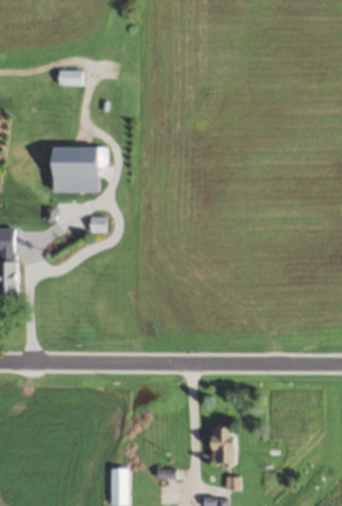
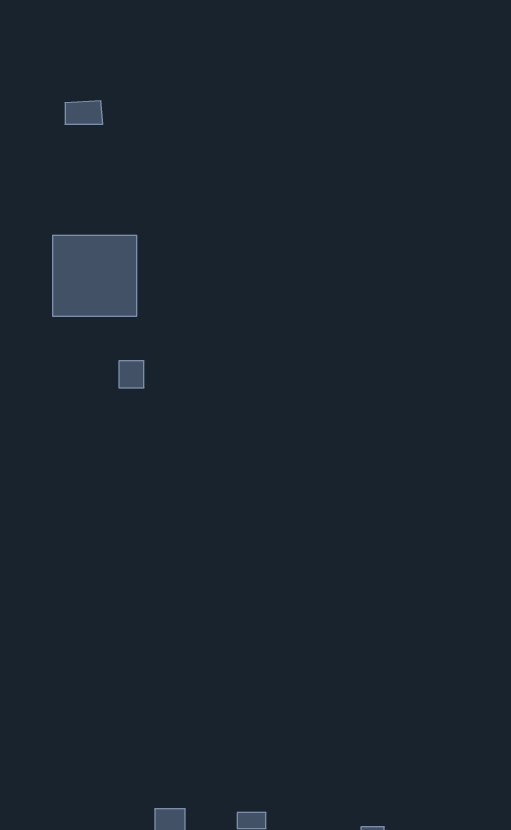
building: [212,428,233,464] -> none

